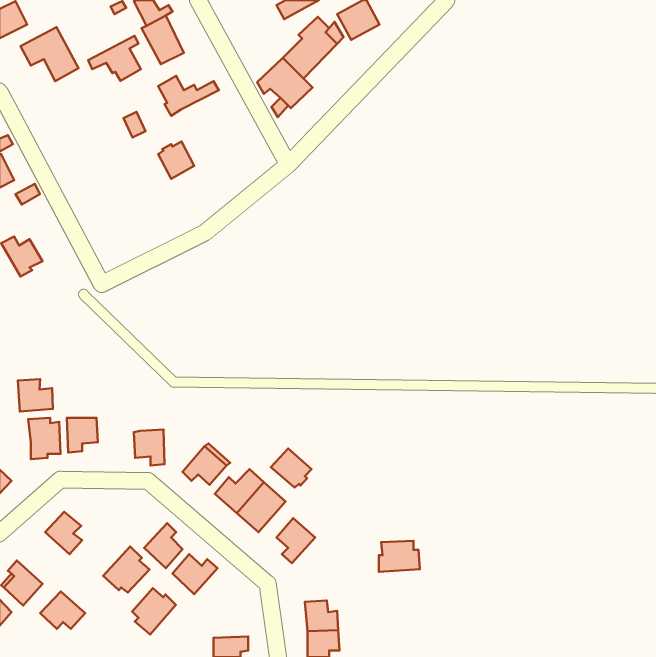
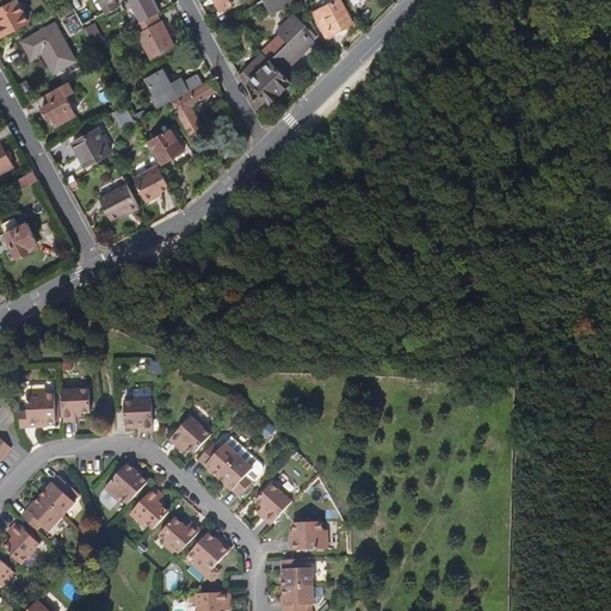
building: [88,36,141,81] -> [24,84,73,125]
building: none -> [173,82,215,134]
building: none -> [72,130,111,168]
building: none -> [132,166,168,203]
building: none -> [99,185,137,221]
building: [18,379,53,411] -> none
building: [271,448,312,488] -> none
building: [379,541,420,572] -> [291,520,329,549]
building: [103,546,150,593] -> [105,458,148,501]
building: [132,588,176,634] -> [191,531,232,574]
building: [40,591,85,629] -> [23,494,64,529]

